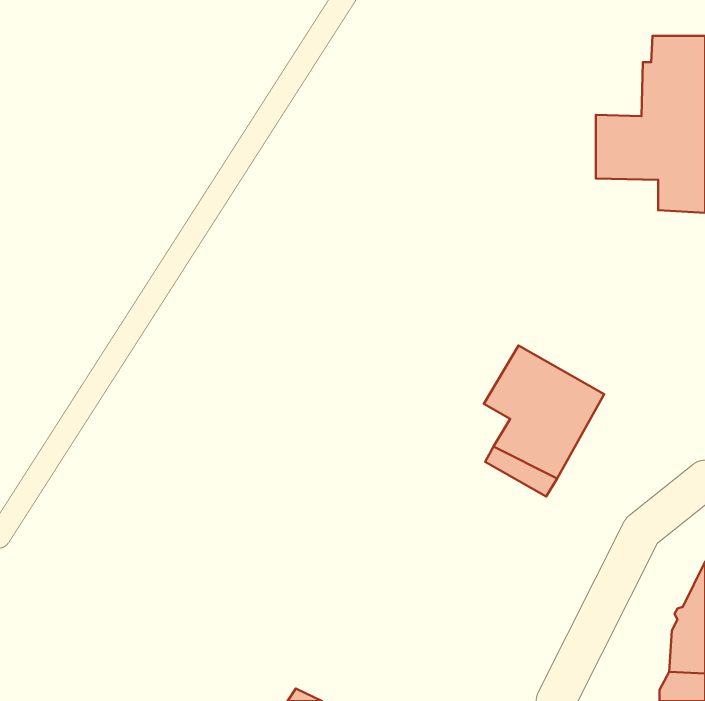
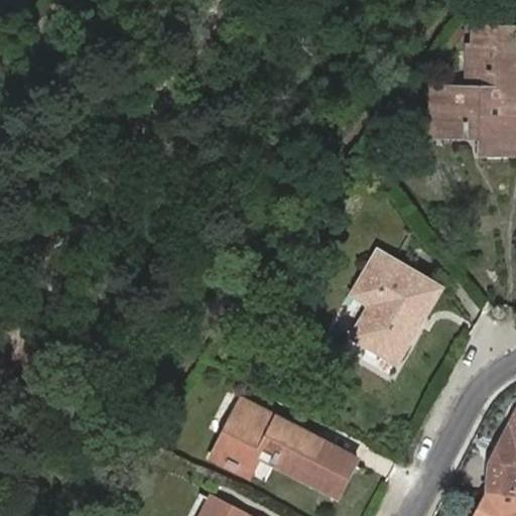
building: none -> [217,402,357,494]

